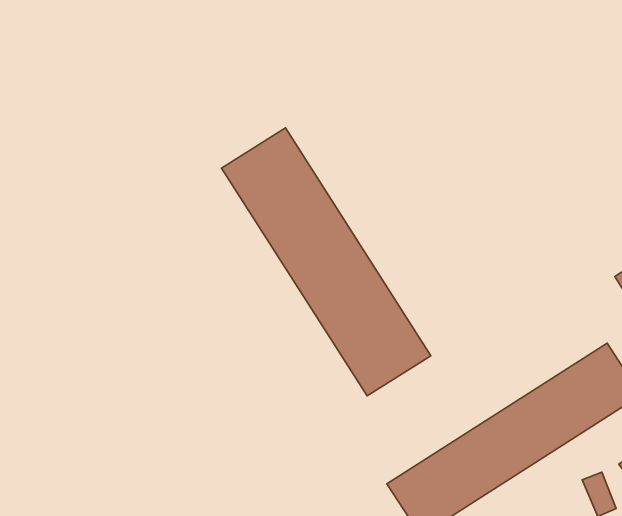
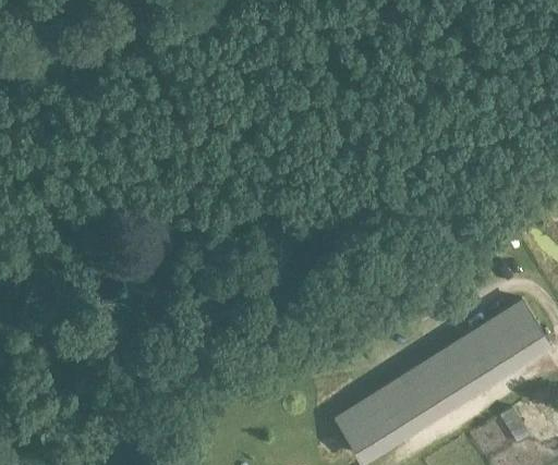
building: [221,128,431,396] -> none

